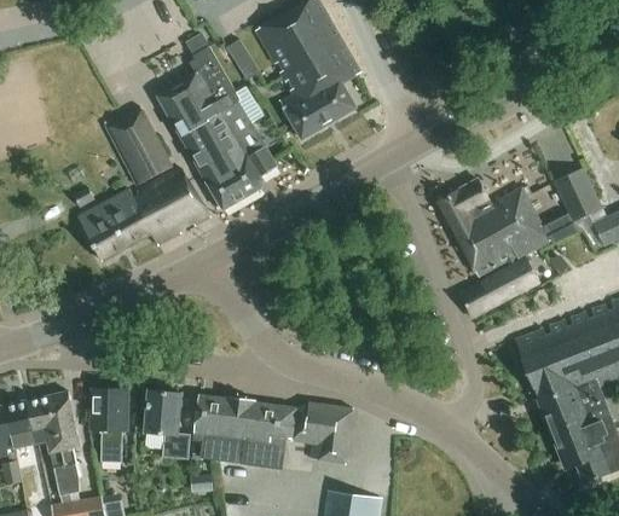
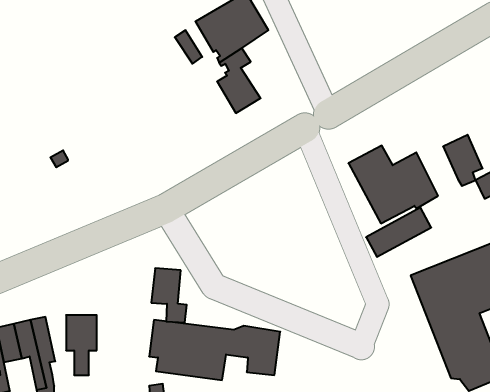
building: [307,40,360,123] -> none
building: [157,47,277,211] -> none
building: [80,106,212,261] -> none
building: [147,392,191,458] -> [151,268,187,322]

